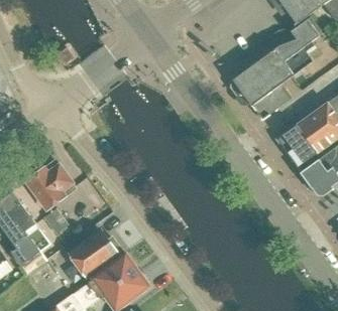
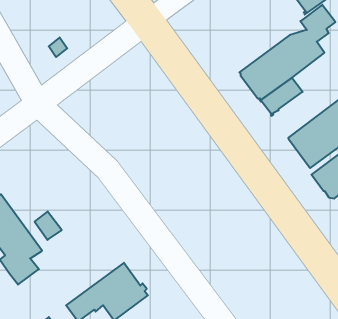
building: [25,159,75,208] -> none
building: [68,228,122,277] -> none

